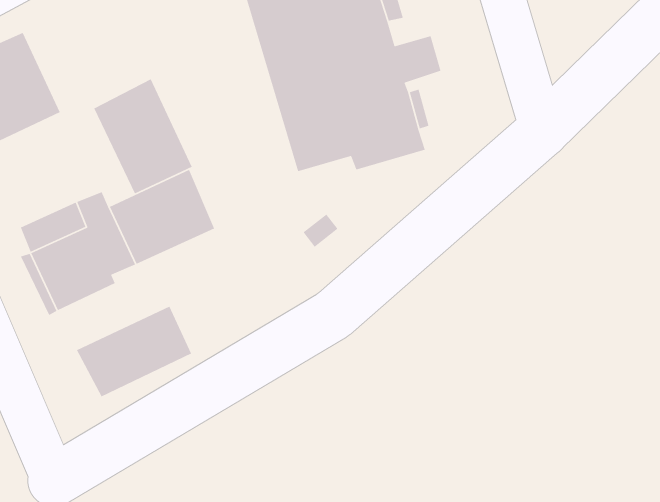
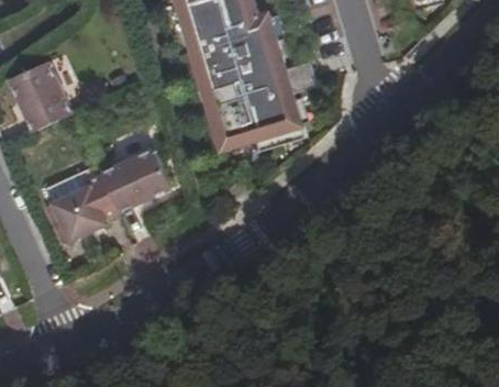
building: [93,78,193,194] -> none
building: [76,306,192,397] -> none

